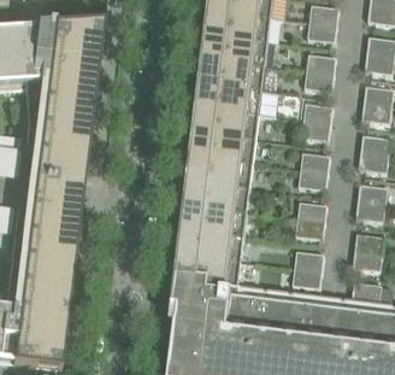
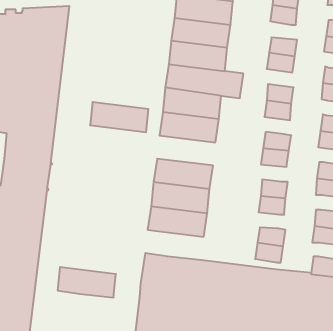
building: [191,154,252,186] -> [90,102,148,132]
building: [179,252,240,283] -> [58,267,116,297]

